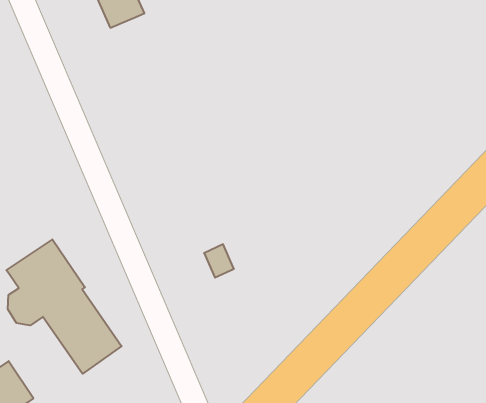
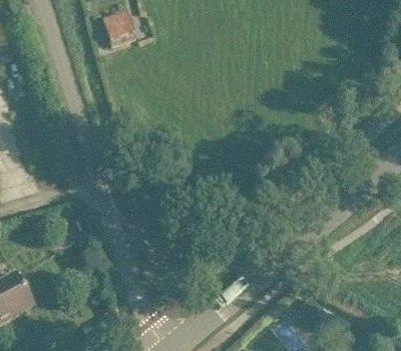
building: [6,239,122,374] -> none

